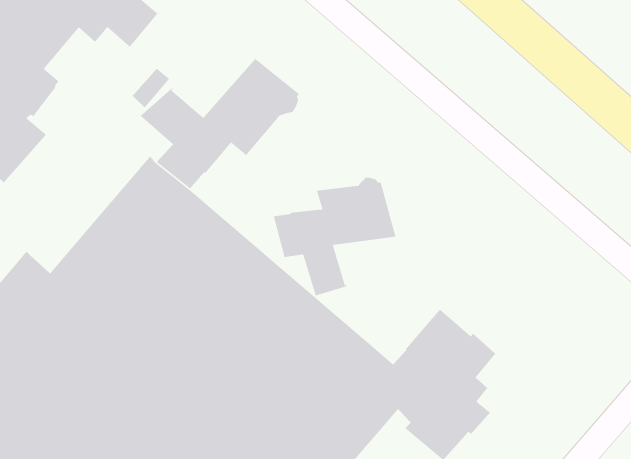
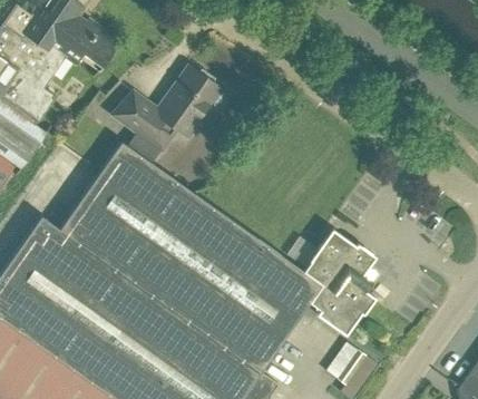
building: [273,177,396,297] -> none

